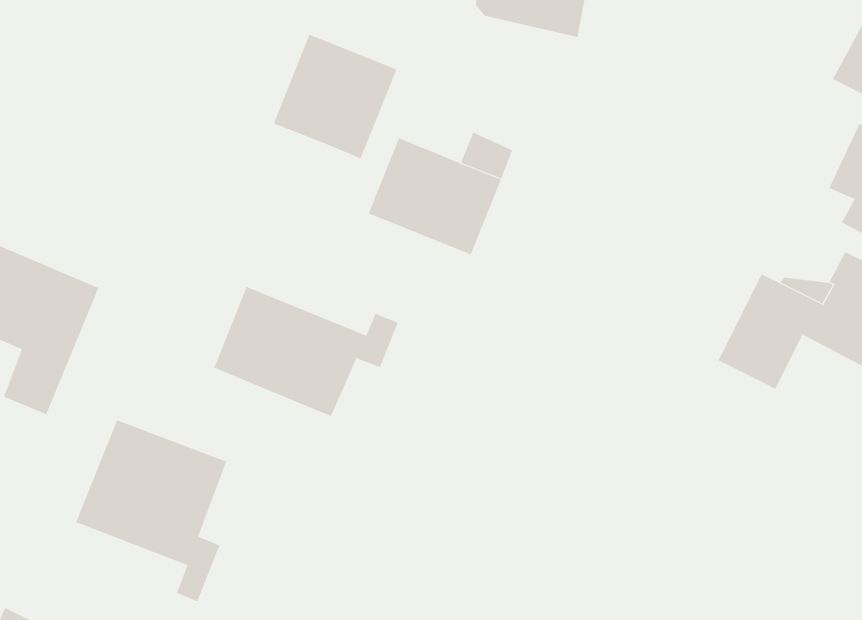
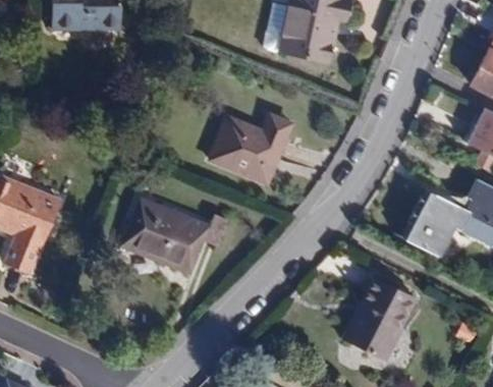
building: [273,34,397,159] -> none
building: [76,420,227,602] -> none
building: none -> [342,276,416,361]

